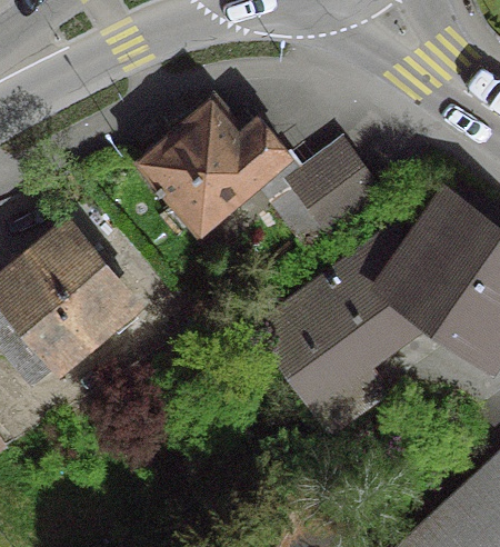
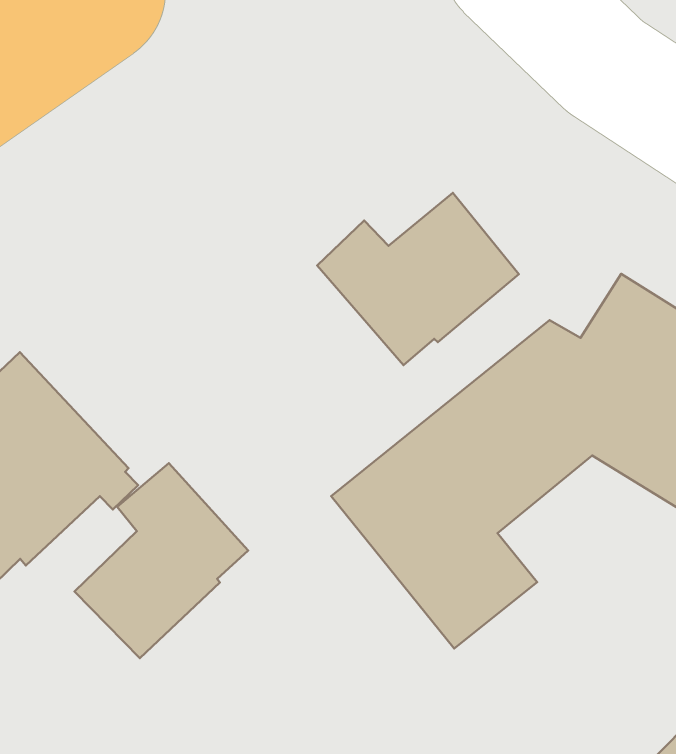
building: [141,98,288,228] -> none
building: none -> [74,463,248,658]

